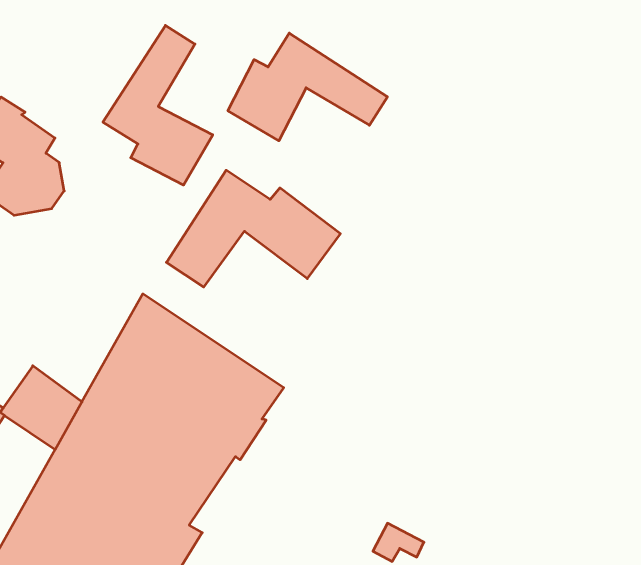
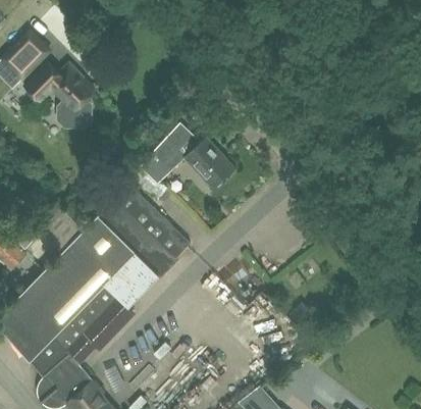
building: [103,25,213,185] -> none
building: [228,33,387,141] -> none

